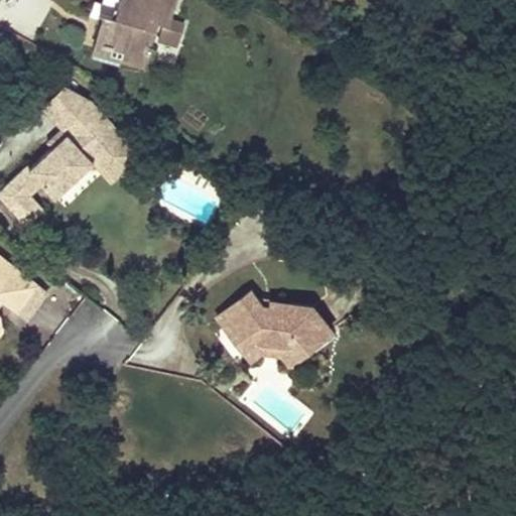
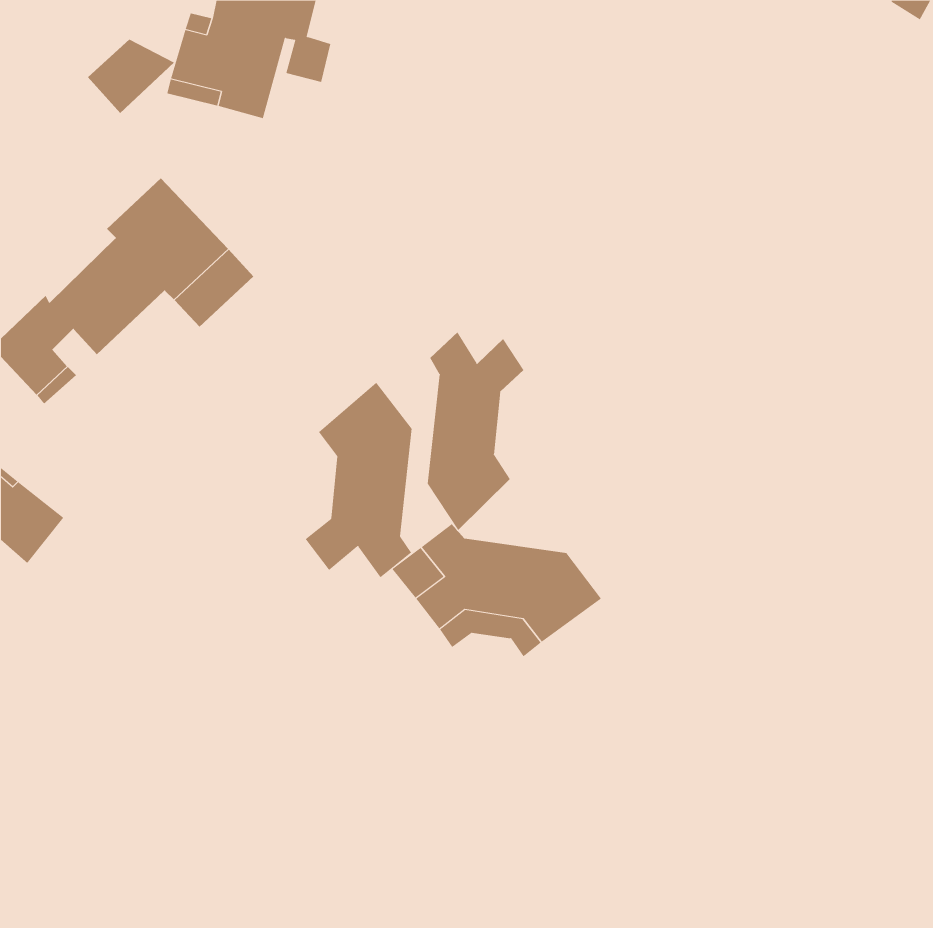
building: [41,89,90,130] -> [87,39,175,114]
building: none -> [427,332,524,531]
building: none -> [305,382,412,578]

